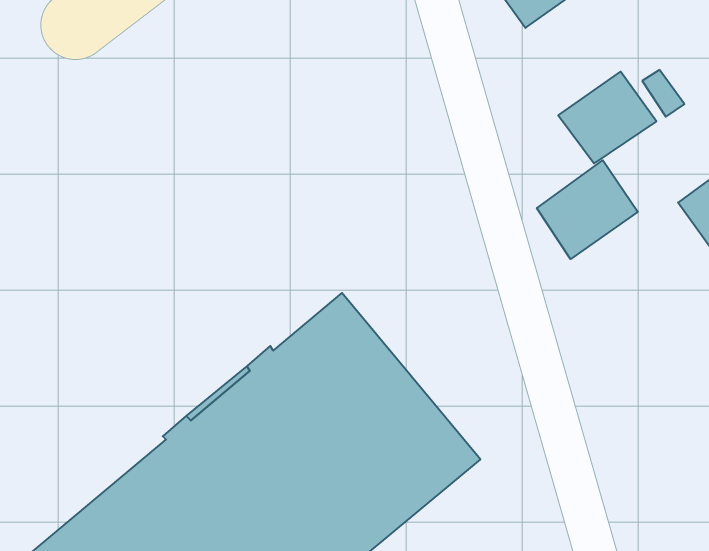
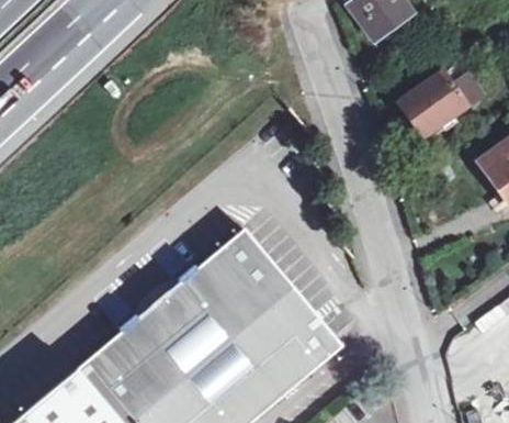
building: [537,160,638,259] -> none

